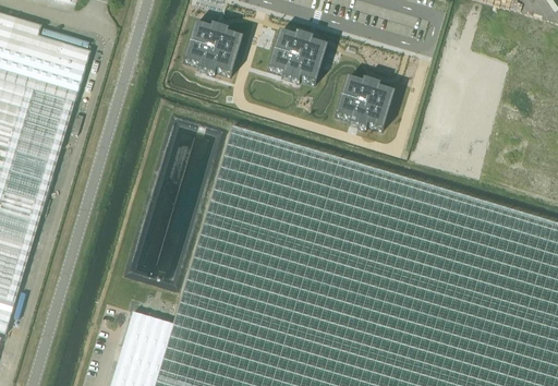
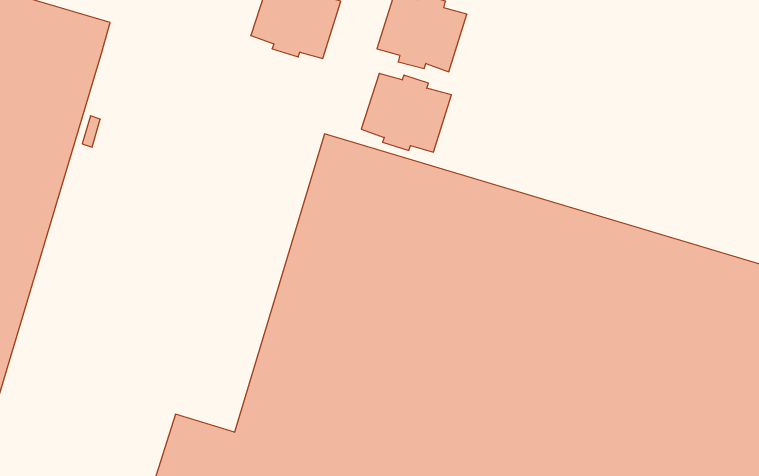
building: [335,79,395,131] -> [361,73,451,152]

